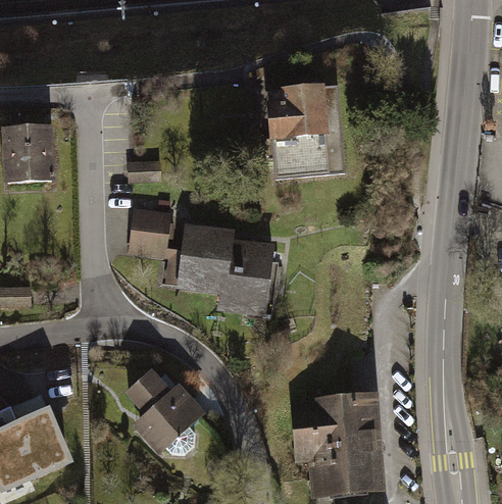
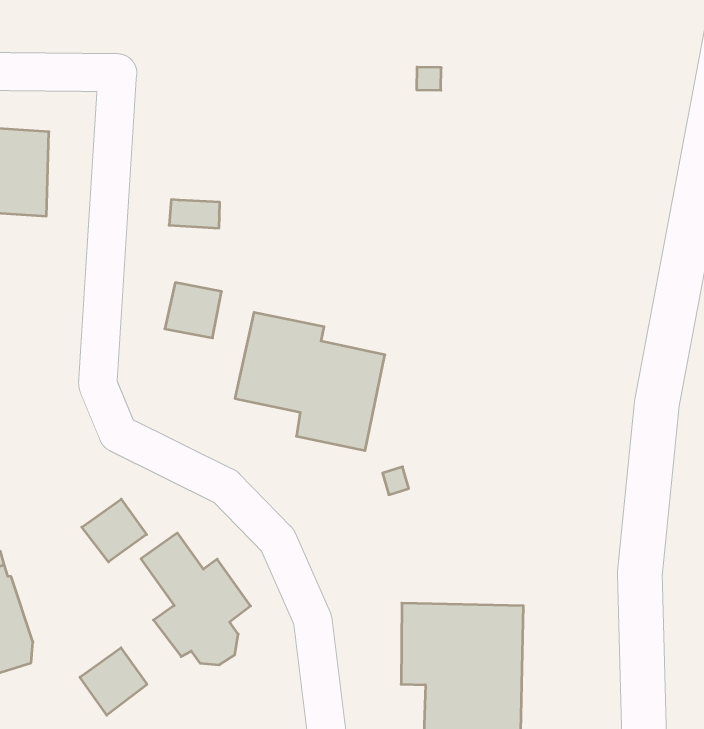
building: [268,84,345,175] -> none
building: none -> [82,499,147,562]
building: none -> [80,648,147,715]

